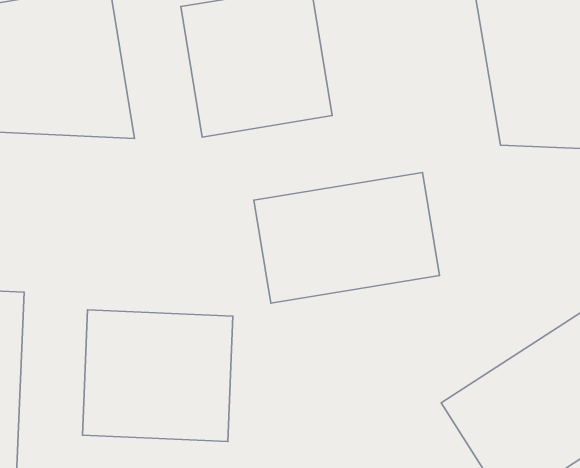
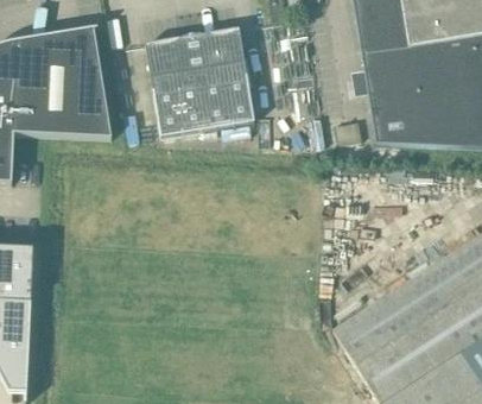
building: [254,173,439,303] -> none
building: [82,310,233,441] -> none

